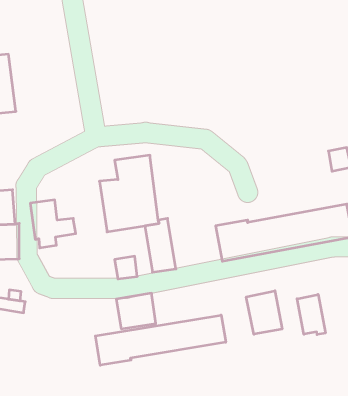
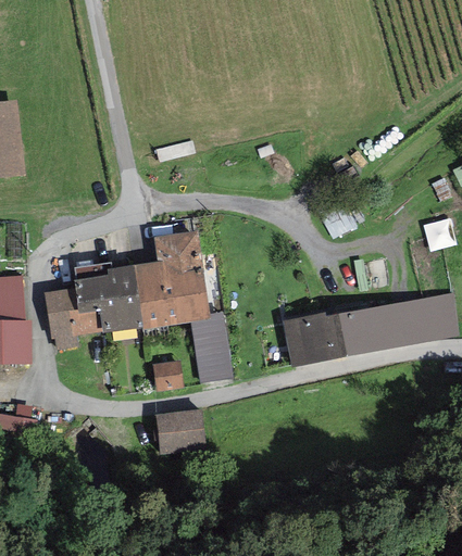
building: none -> [73,262,142,333]
building: [246,291,282,334] -> none
building: [297,294,325,335] -> none
building: [95,315,226,365] -> none

